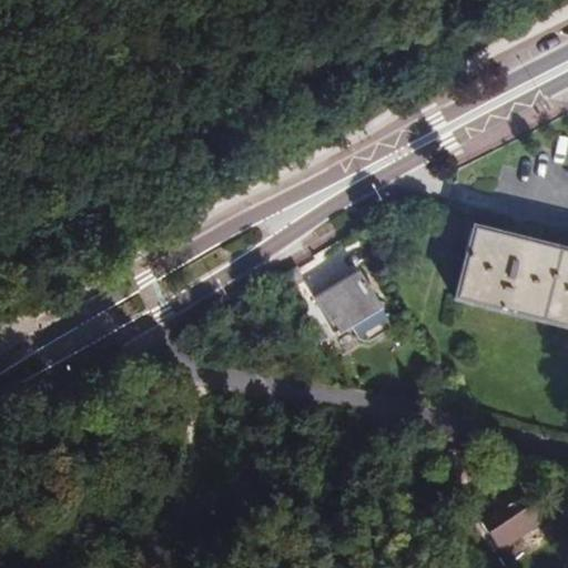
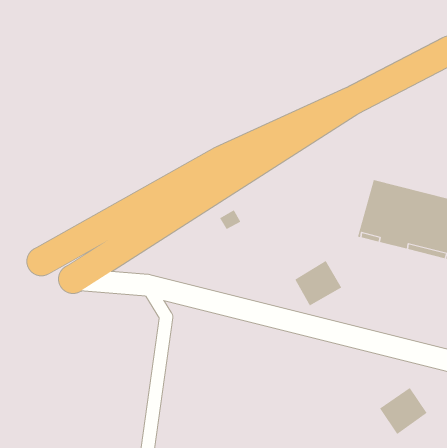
building: [320,273,379,331] -> [295,260,342,306]

